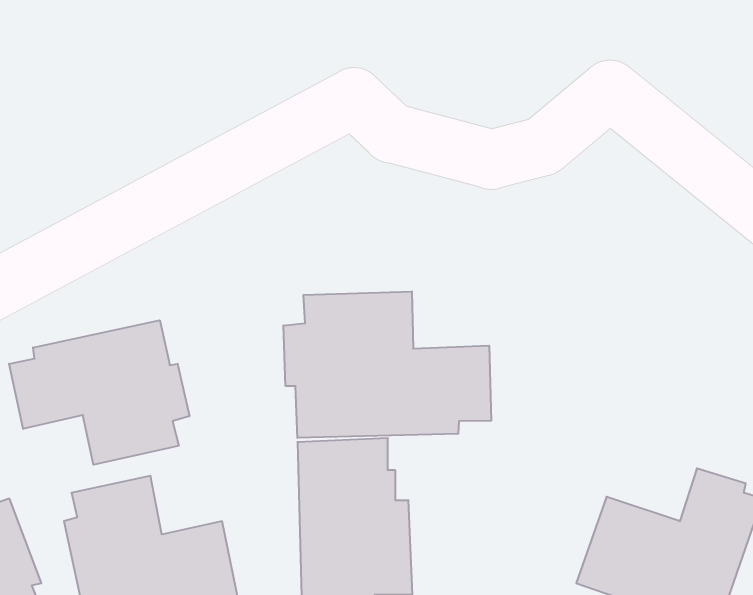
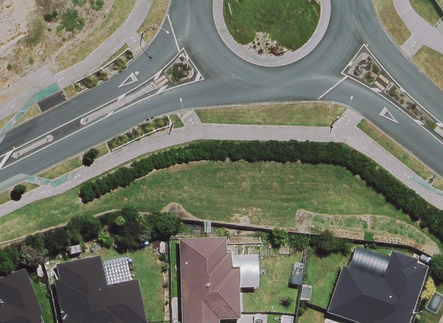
building: [283,291,491,438] -> none
building: [9,320,189,465] -> none

